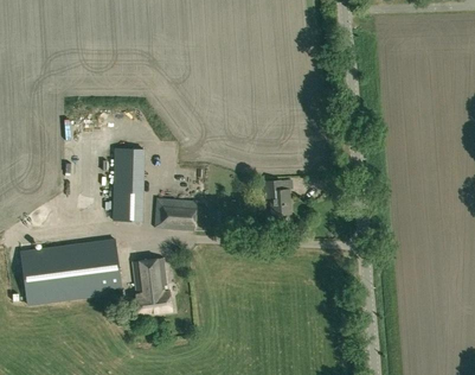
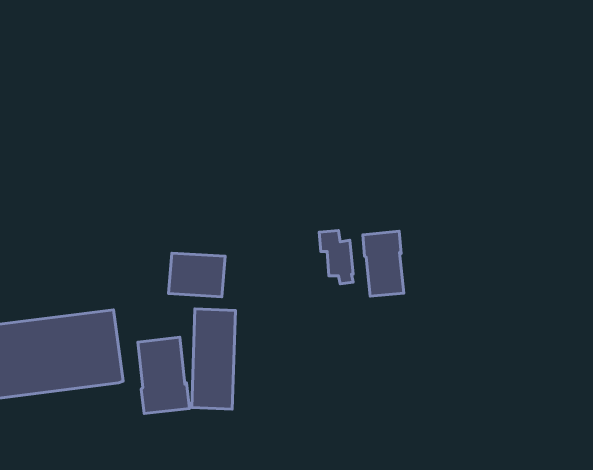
building: [113,147,145,221] -> [192,309,235,409]
building: none -> [363,231,404,296]

